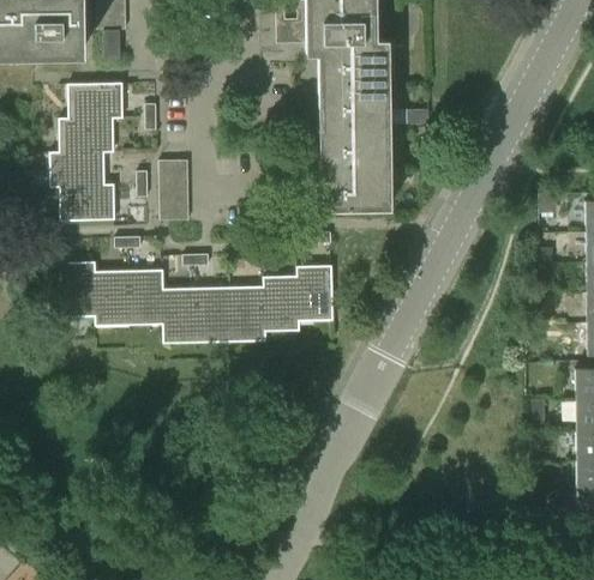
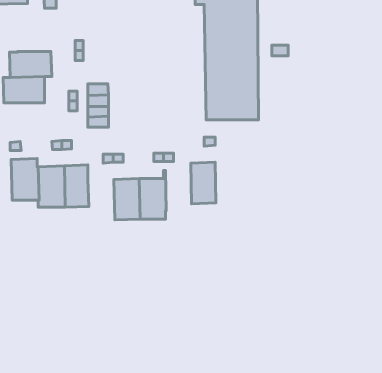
building: [68,84,125,119] -> none
building: [60,186,115,222] -> none
building: [266,267,301,331] -> none
building: [163,289,199,344] -> none

